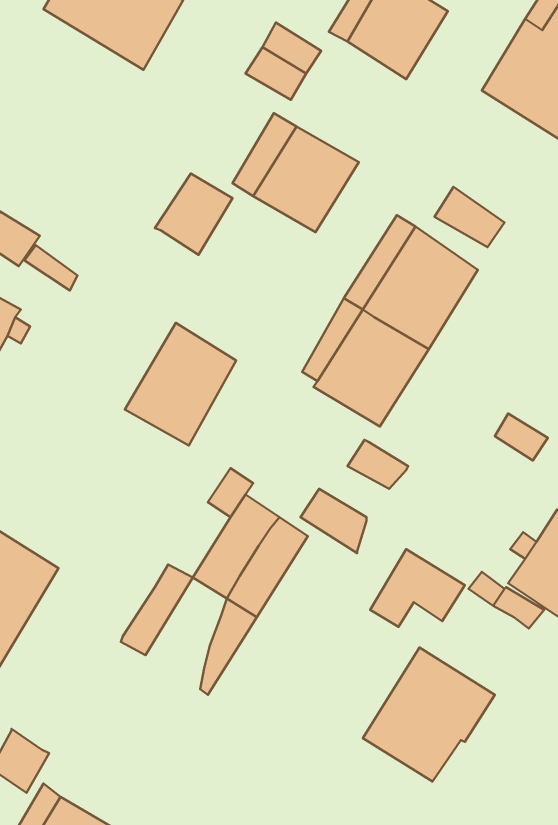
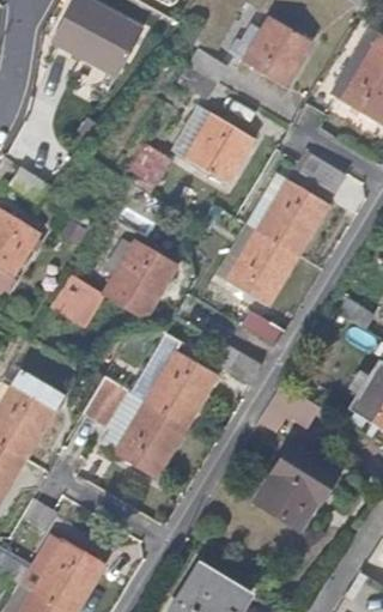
building: none -> [50,273,103,327]
building: none -> [84,378,129,429]
building: none -> [118,401,170,472]

